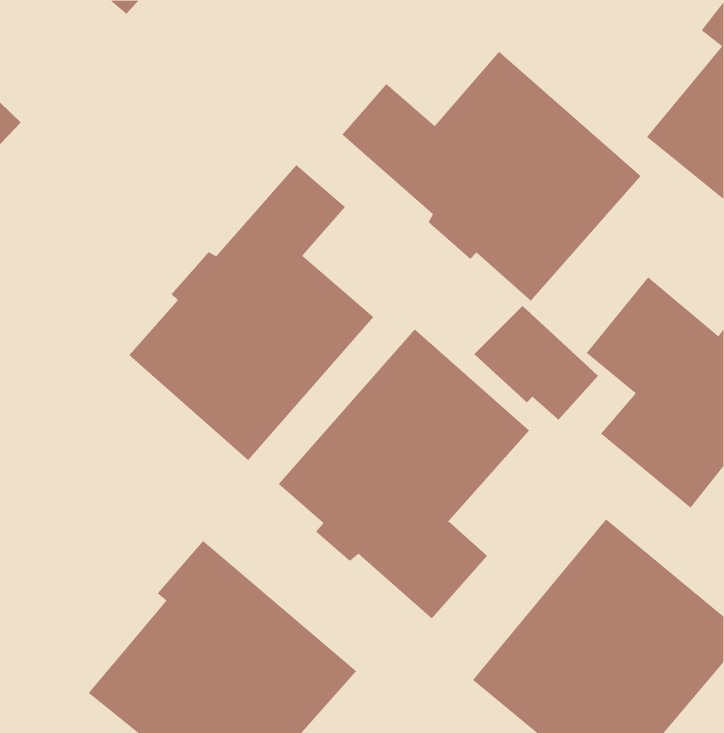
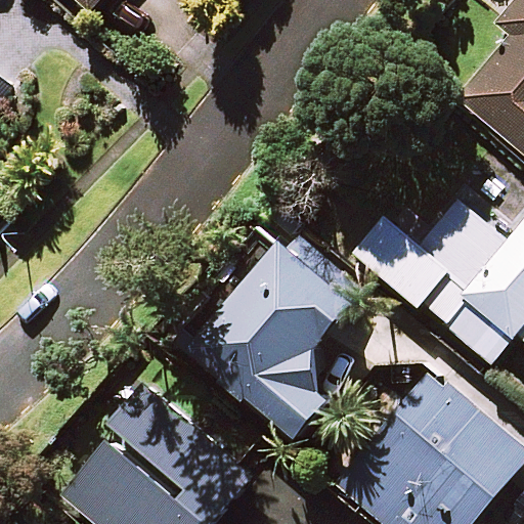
building: [342,51,642,302] -> none
building: [128,164,374,461] -> none

